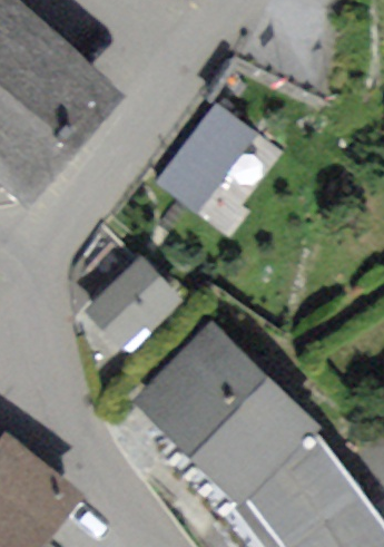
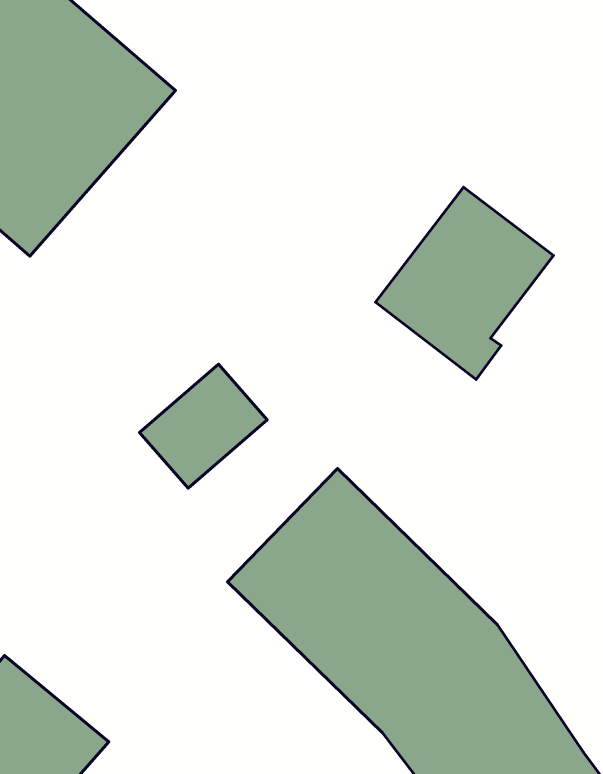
building: [160,106,270,225] -> [375,187,554,380]

